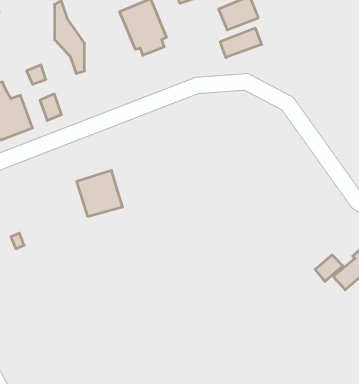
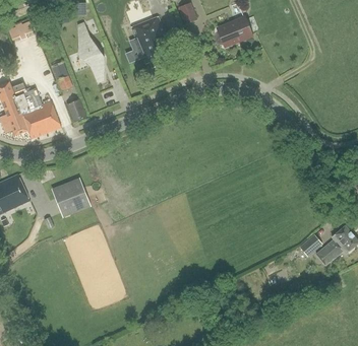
building: [220,28,262,58] -> none
building: [77,170,123,216] -> [54,177,93,215]

